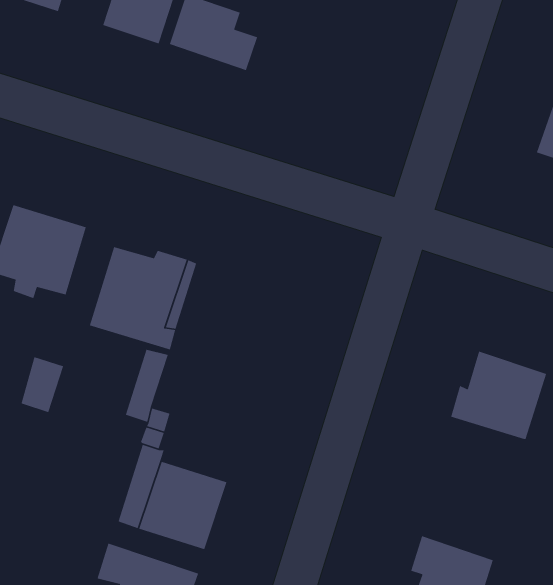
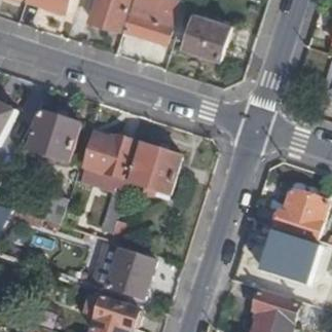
building: none -> [182,9,227,54]
building: none -> [130,145,182,197]
building: none -> [262,231,316,283]

